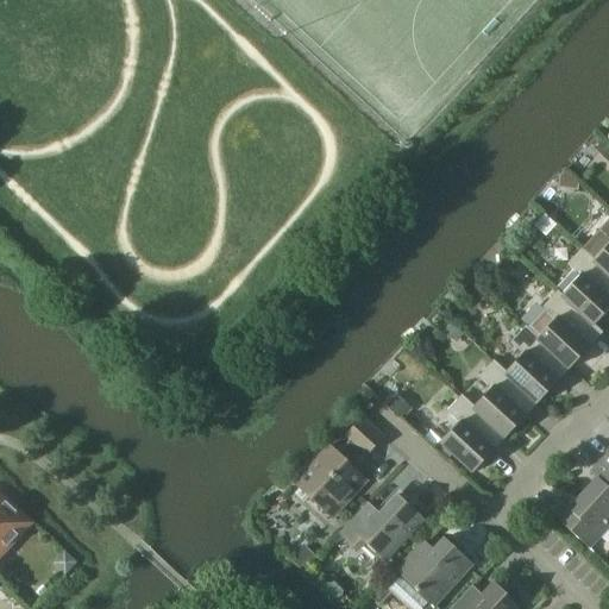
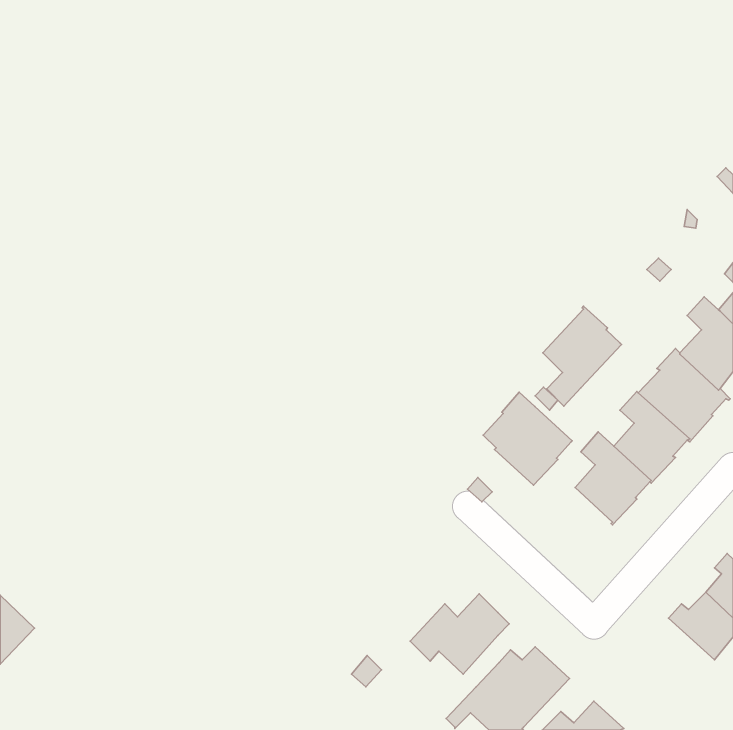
building: none -> [543,306,622,406]
building: [434,393,508,470] -> [483,392,572,485]
building: [296,416,383,515] -> none

